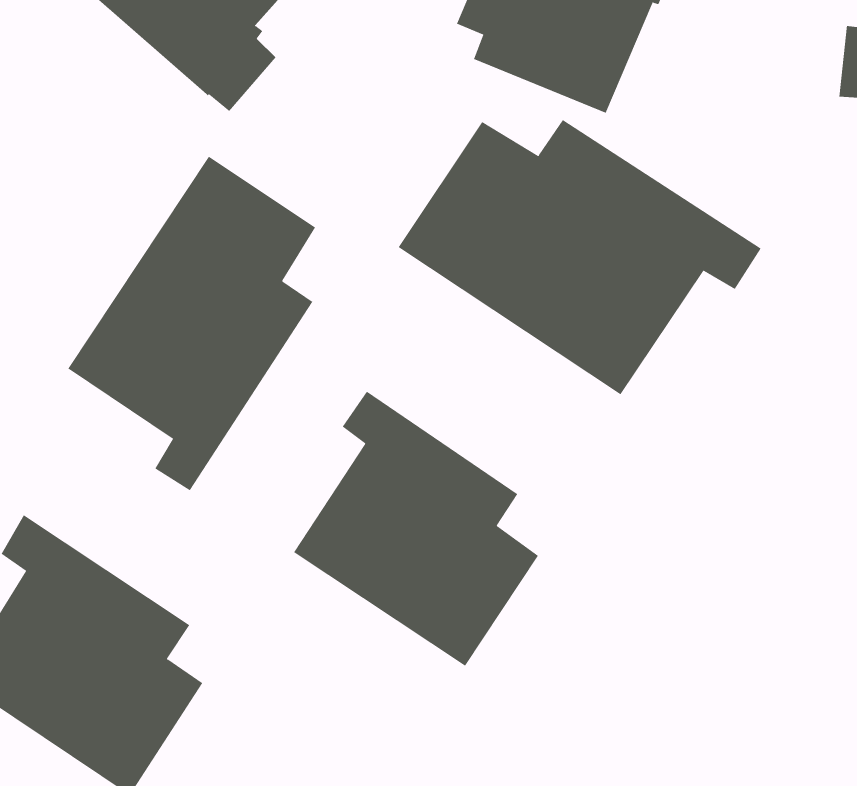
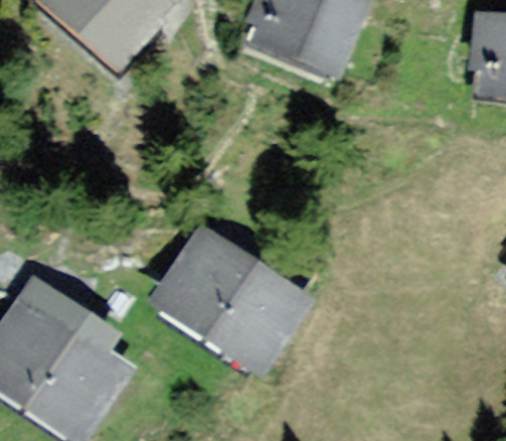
building: [398,119,761,395] -> none
building: [68,156,316,491] -> none

